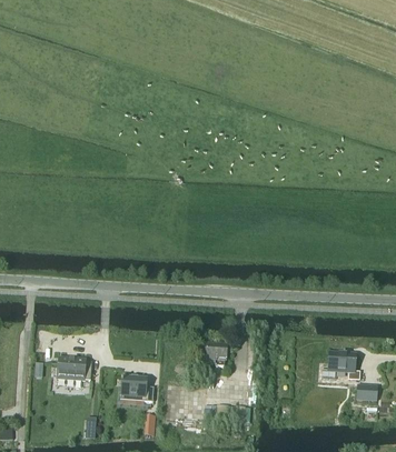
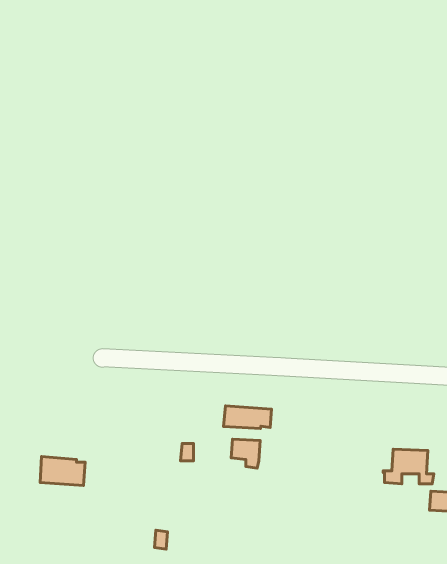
building: none -> [224,406,272,429]
building: [120,375,154,402] -> none

